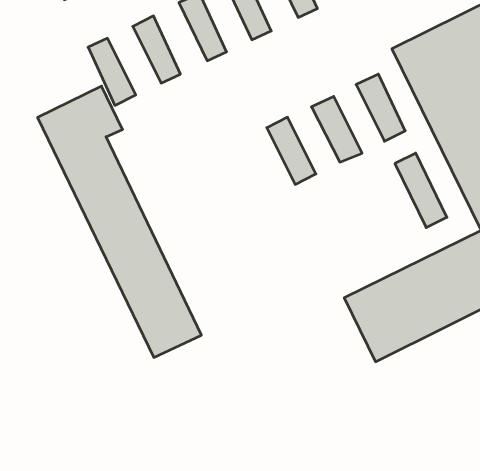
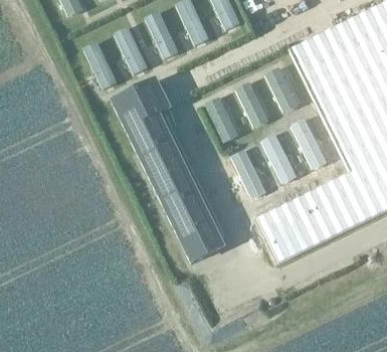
building: [38,86,201,357] -> [113,77,223,260]
building: none -> [261,134,298,184]
building: none -> [231,149,267,199]

